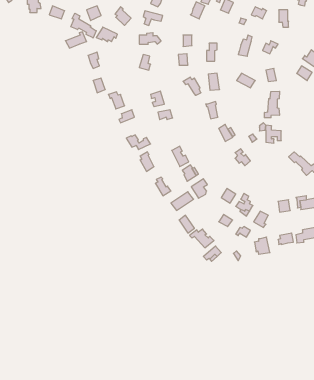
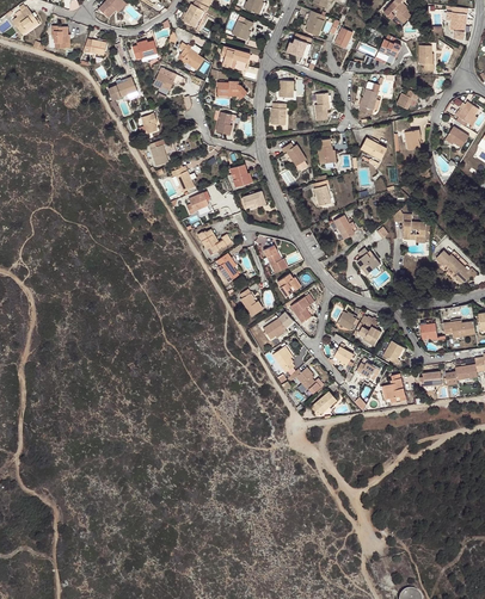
building: [71,13,96,38] -> none
building: [264,91,279,118] -> none

